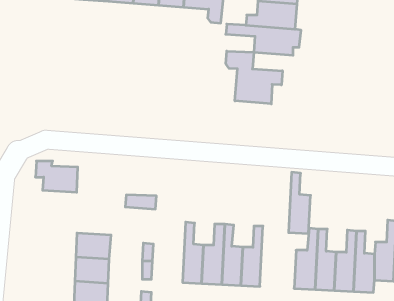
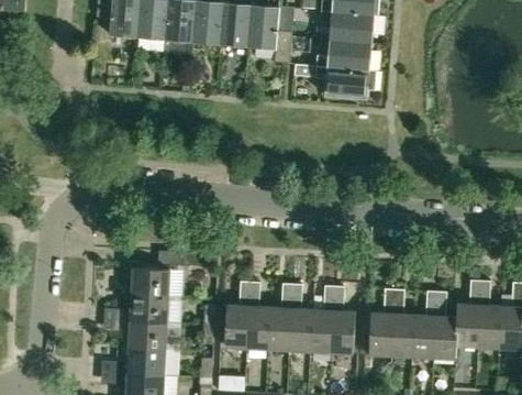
building: [226,51,282,104] -> none
building: [35,161,78,192] -> [123,262,169,296]
building: [289,172,311,234] -> [331,286,355,353]
building: none -> [224,282,249,348]

